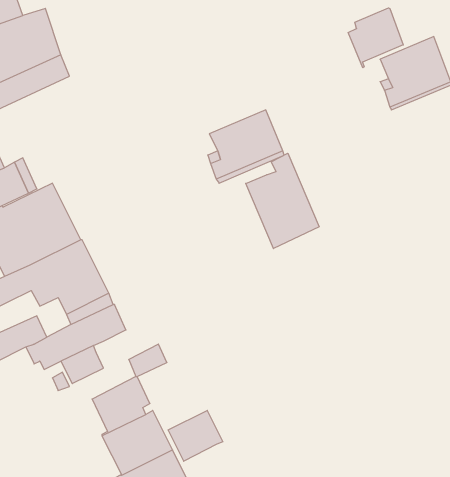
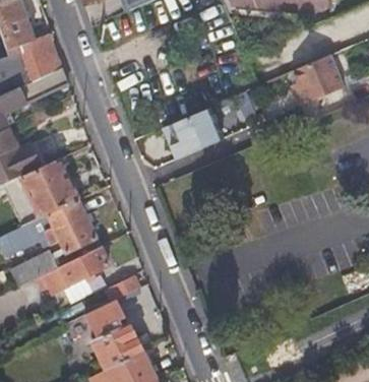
building: [348,8,403,68] -> none
building: [246,153,319,249] -> none
building: [168,410,223,461] -> none

